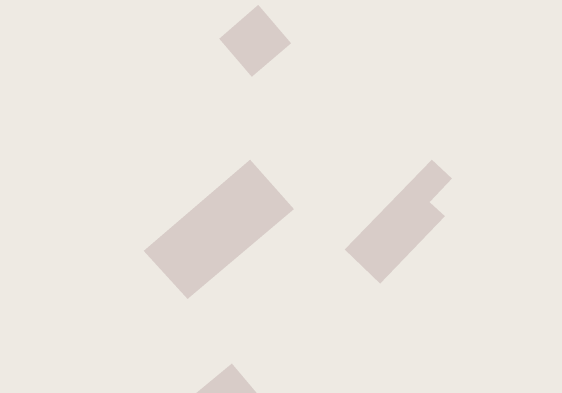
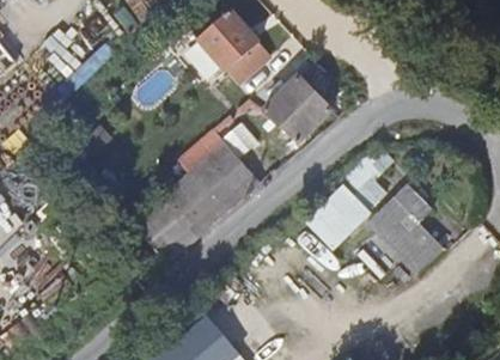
building: none -> [261,73,331,144]
building: none -> [366,184,443,271]

